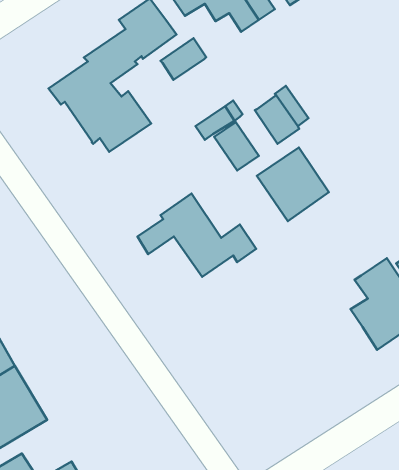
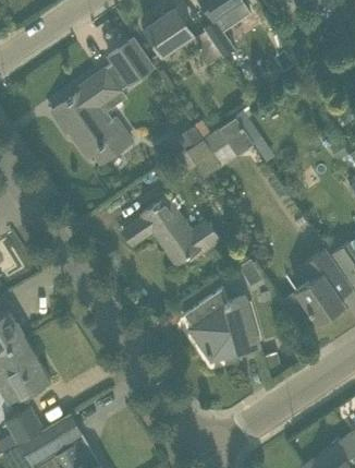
building: [161,38,206,80] -> none
building: [257,147,329,221] -> none
building: none -> [183,288,259,361]

